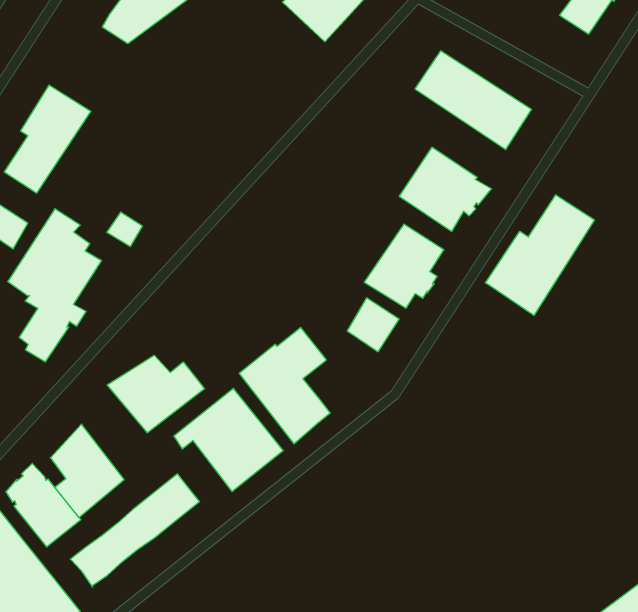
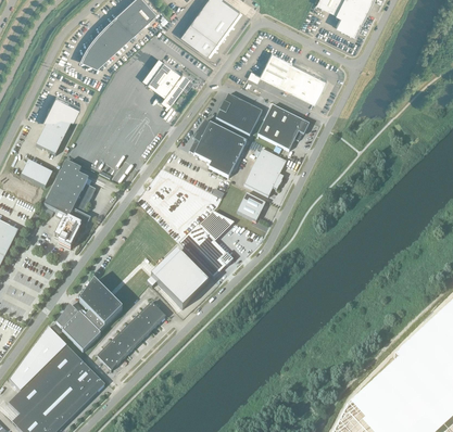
building: none -> [147,61,192,105]
building: none -> [215,96,261,137]
building: none -> [188,122,246,179]
building: [485,195,594,315] -> none
building: [107,355,205,433] -> none

